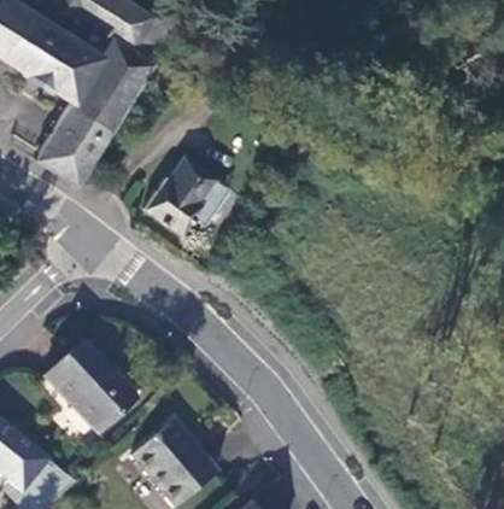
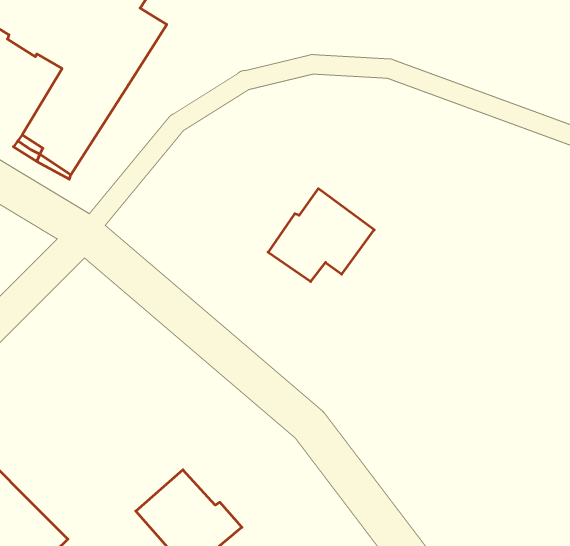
building: [145,157,232,233] -> [268,189,374,282]
building: [45,343,135,435] -> none

